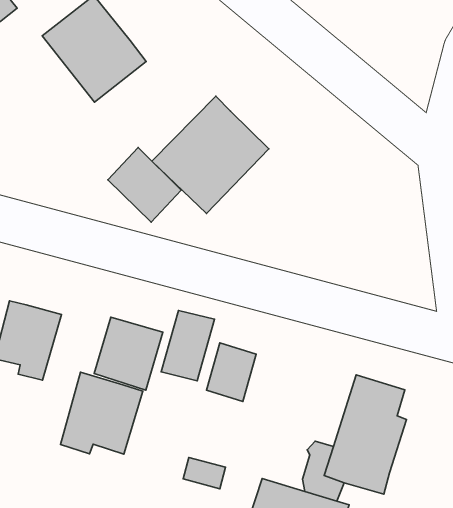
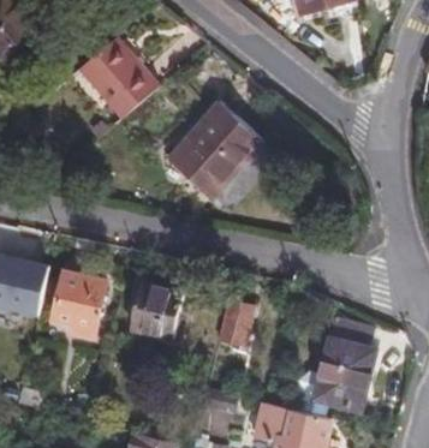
building: [108,148,181,222] -> none
building: [161,310,214,381] -> none
building: [61,372,143,454] -> none

